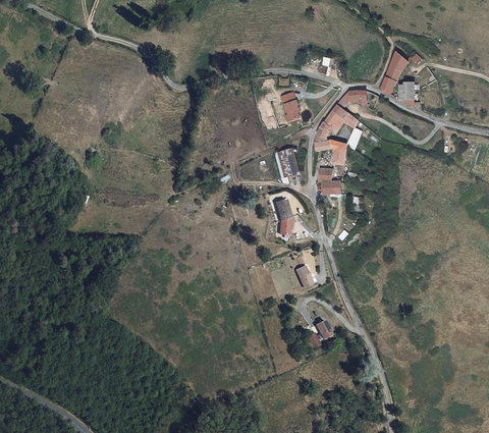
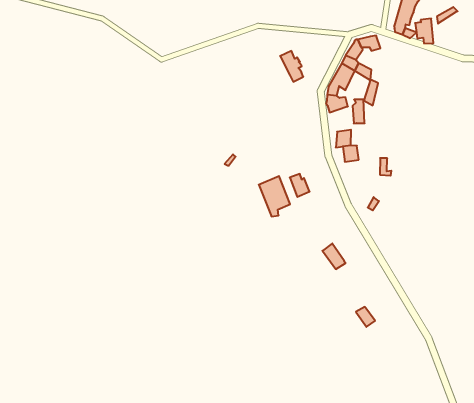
building: [276,147,301,180] -> [259,176,290,216]

